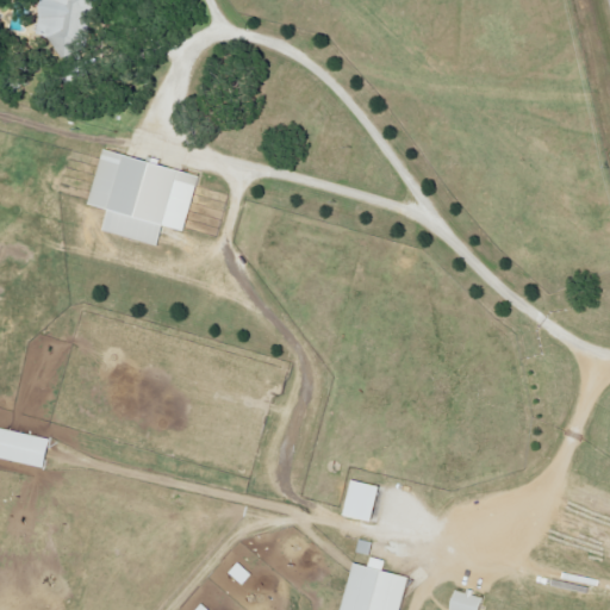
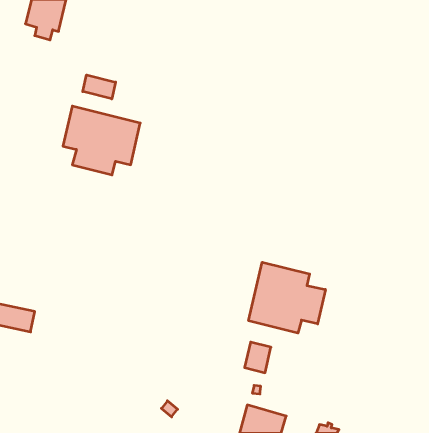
building: none -> [83,75,116,99]
building: none -> [249,262,325,333]

